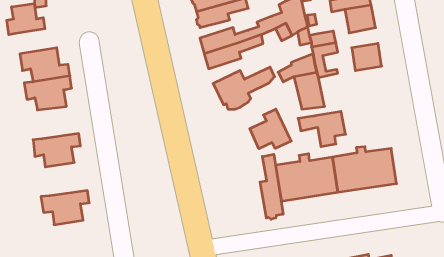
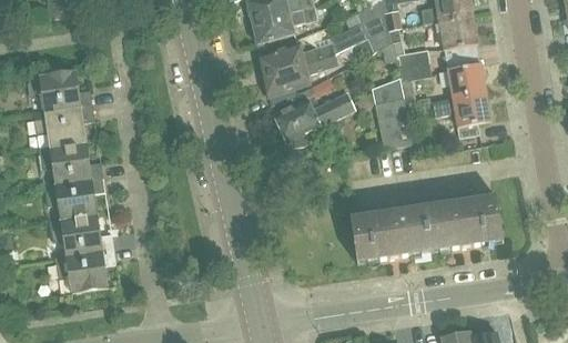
building: [7,4,45,35] -> none
building: none -> [39,143,102,184]
building: [250,109,291,149] -> none
building: [298,111,346,147] -> [430,92,490,137]
building: [260,154,283,219] -> none
building: none -> [50,214,113,256]

